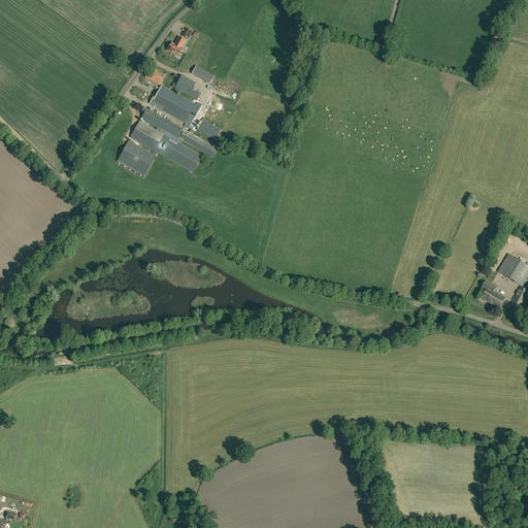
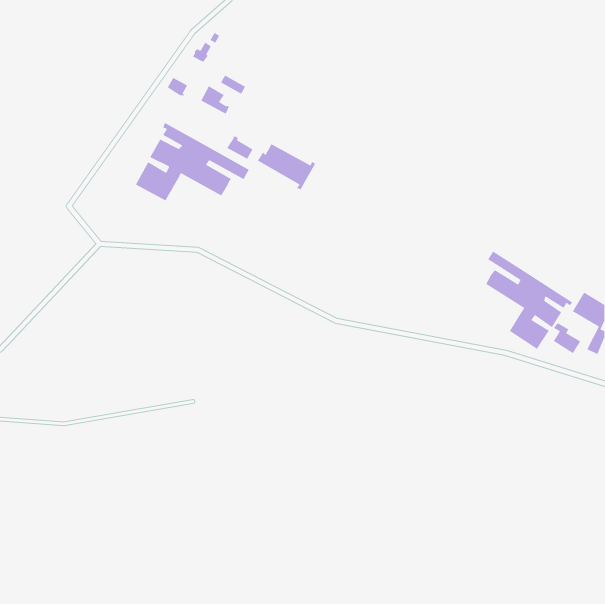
building: [150,87,201,128] -> [257,143,316,191]
building: none -> [485,251,573,350]

